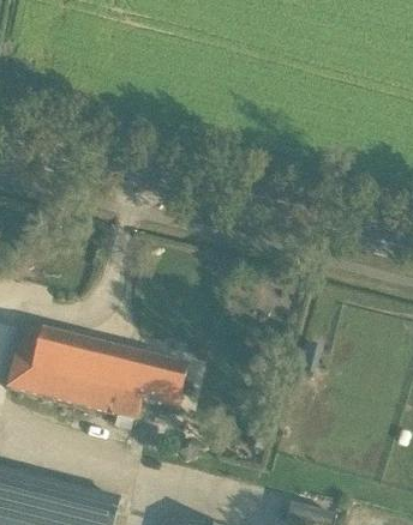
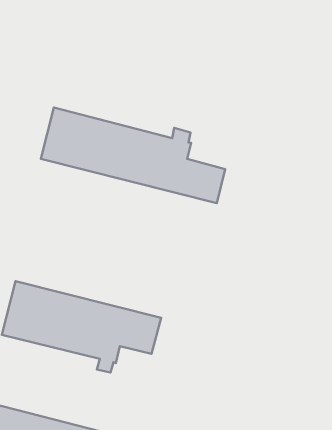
building: none -> [41,108,225,203]

